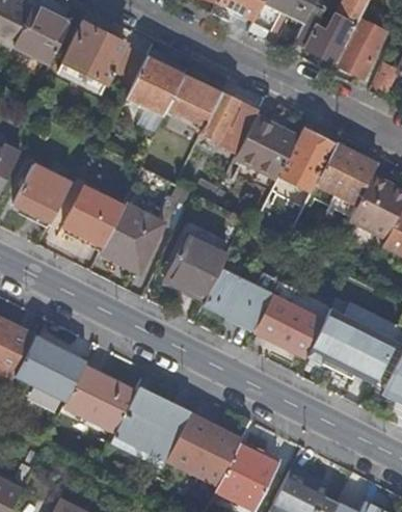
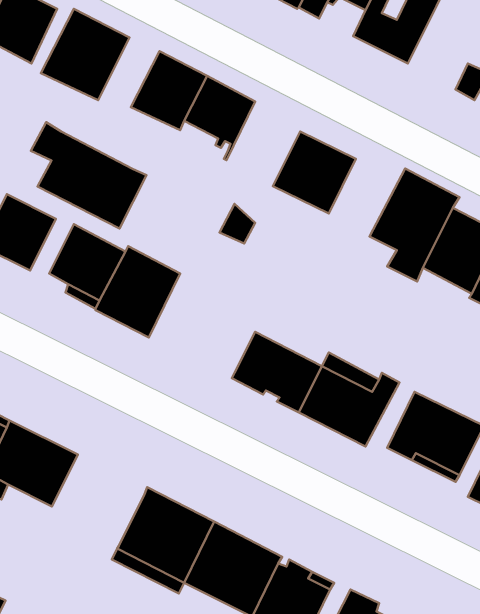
building: [338,20,384,77] -> none
building: [199,92,258,155] -> none
building: none -> [31,122,146,228]
building: [272,127,336,204] -> none
building: [170,223,234,299] -> none
building: [64,366,137,431] -> none

